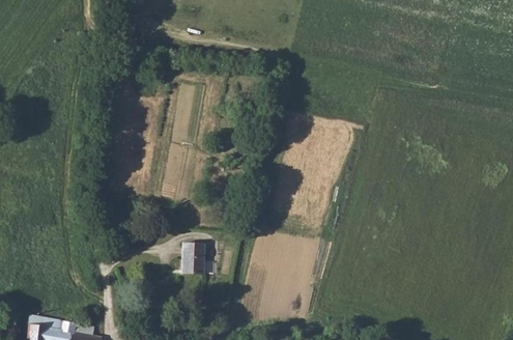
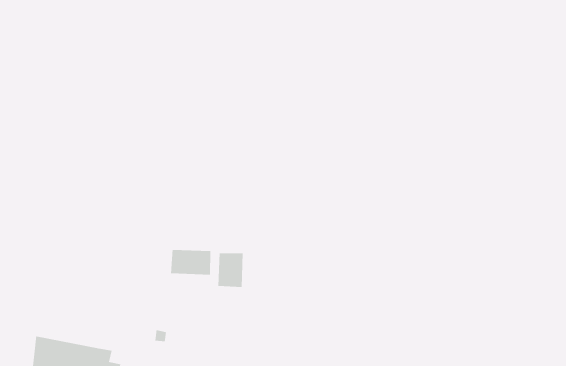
building: none -> [170,249,211,275]

